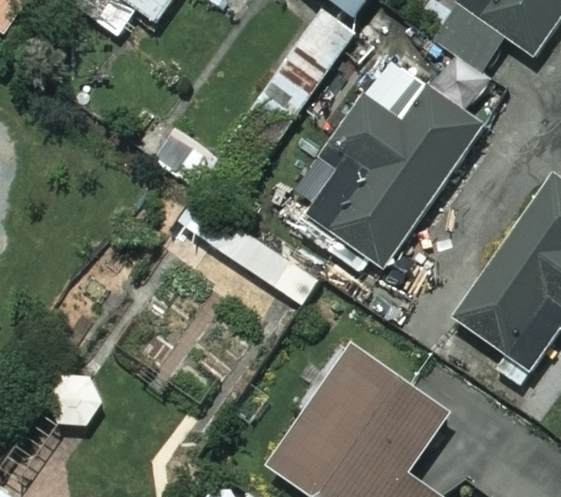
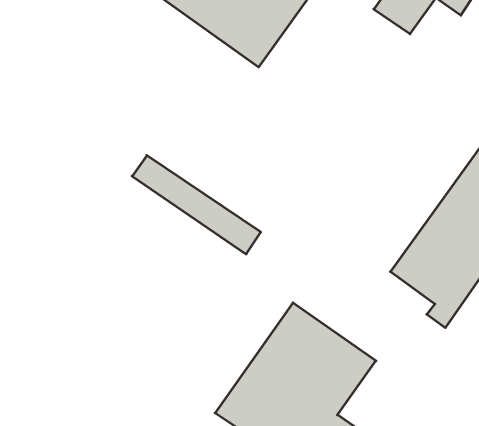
building: [294,59,474,261] -> none

